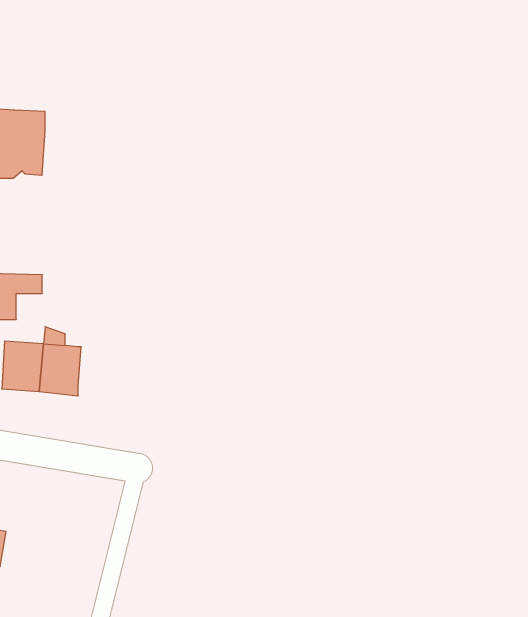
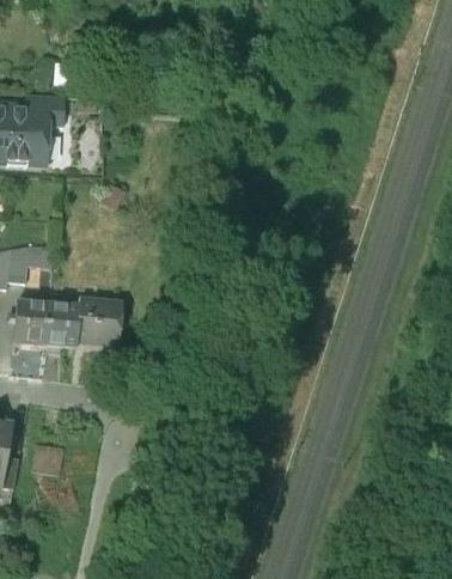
building: none -> [26,95,66,124]
building: none -> [79,298,121,340]

